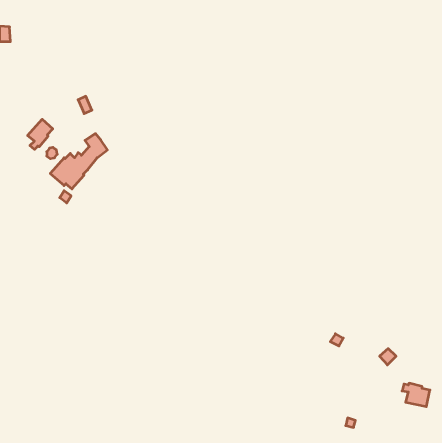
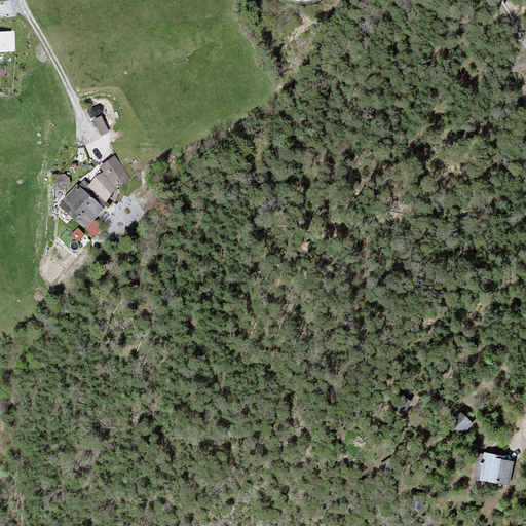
building: [28,119,53,149] -> none

